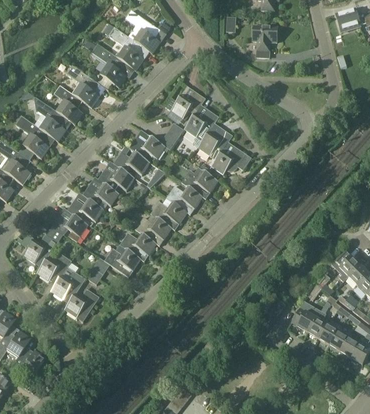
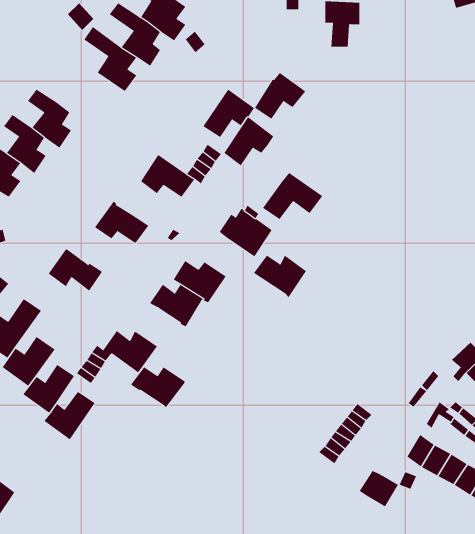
building: [71,68,100,107] -> none
building: [199,123,234,155] -> [254,72,306,120]
building: [114,145,151,174] -> none
building: [83,176,120,205] -> none
building: [167,185,203,214] -> [253,255,307,298]
building: [52,207,90,236] -> none
building: [120,232,157,260] -> [130,367,185,408]
building: [291,307,318,332] -> [359,470,399,507]

